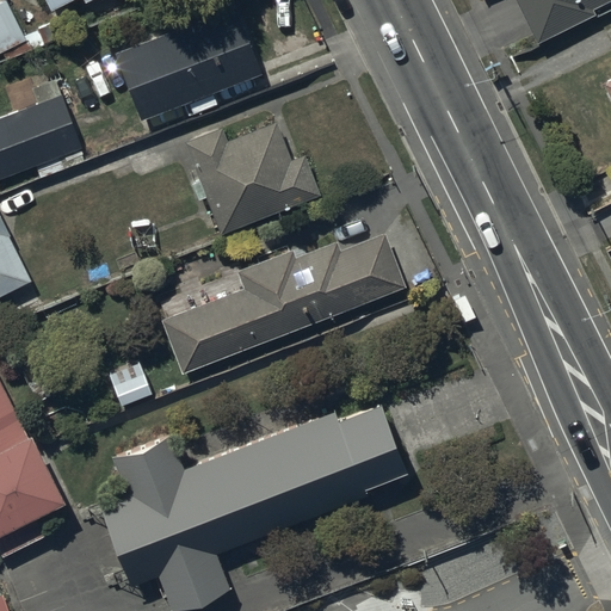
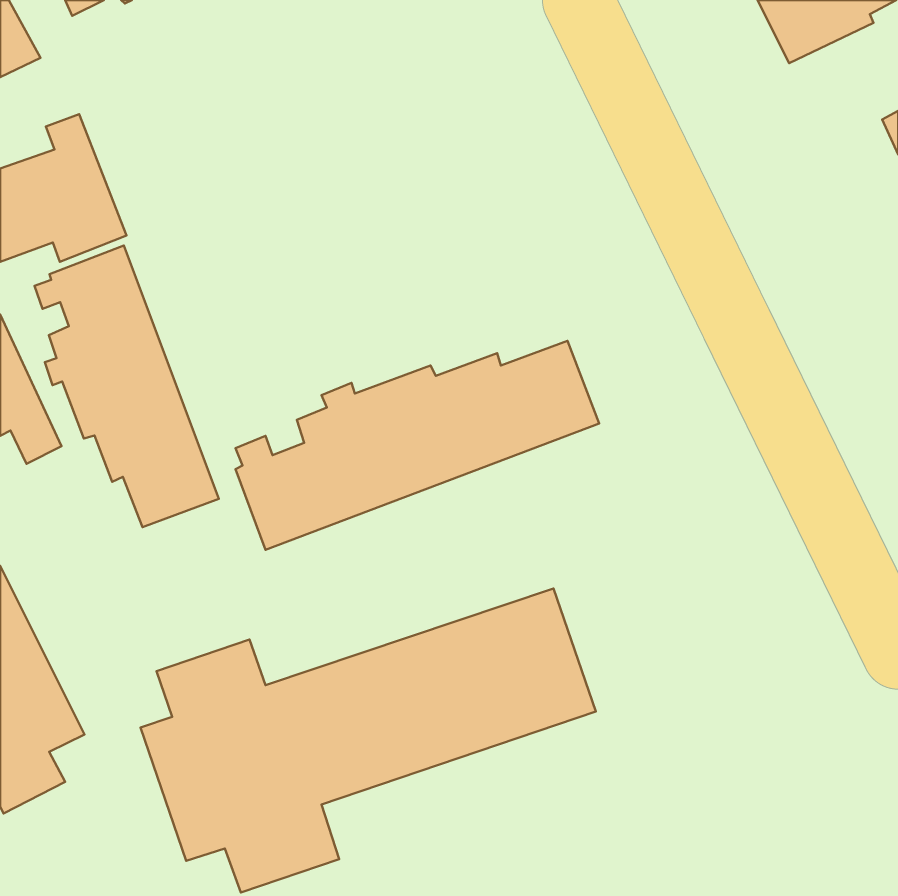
building: [115,7,261,122] -> none
building: [184,122,320,235] -> none
building: none -> [35,246,219,527]

